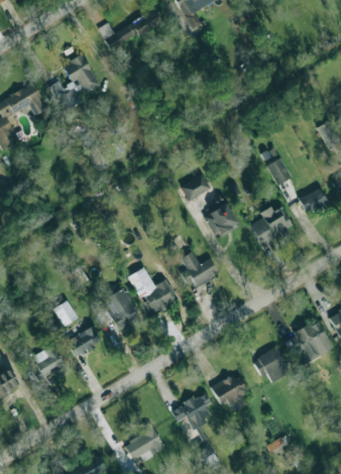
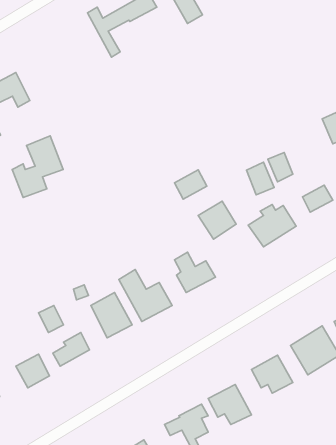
building: [50,55,98,113] -> [12,136,63,198]
building: none -> [246,162,274,195]

